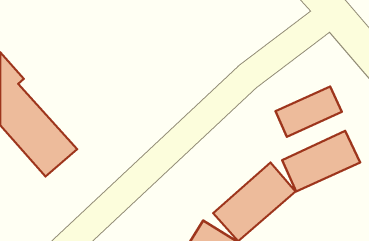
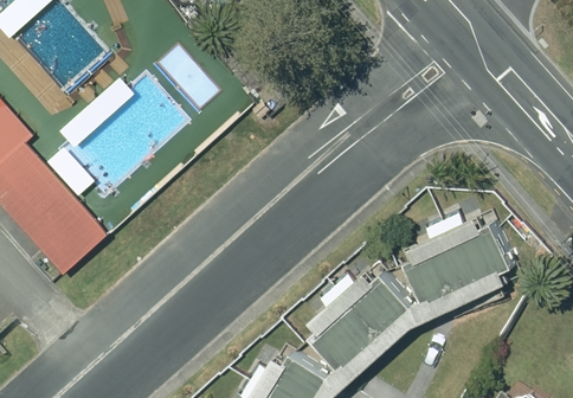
building: [276,87,342,137] -> none

